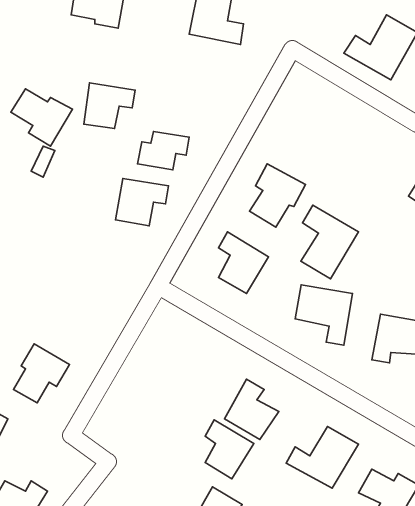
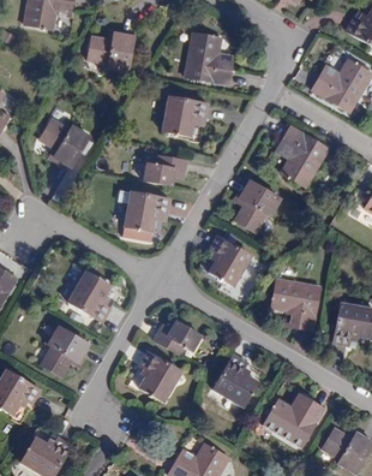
building: [84,83,135,128] -> [164,97,206,135]
building: [301,205,358,279] -> [281,125,328,185]
building: none -> [68,272,109,321]
building: none -> [155,321,200,355]
building: [205,420,254,479] -> [140,352,180,400]

